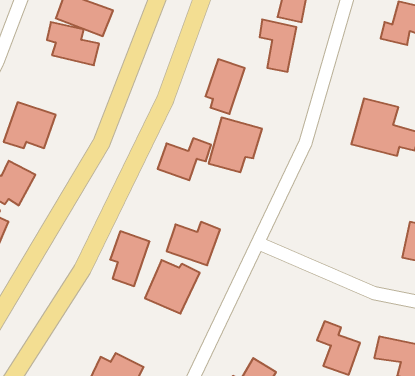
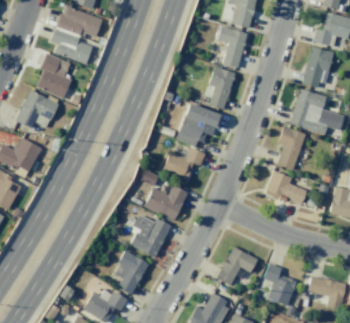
building: none -> [304,47,333,87]
building: none -> [36,53,72,98]
building: [205,59,245,114] -> [205,66,236,109]
building: [158,138,211,180] -> [163,147,205,180]
building: none -> [277,125,306,169]
building: none -> [265,170,307,206]
building: [110,231,150,286] -> [116,252,147,295]
building: none -> [217,246,258,285]

